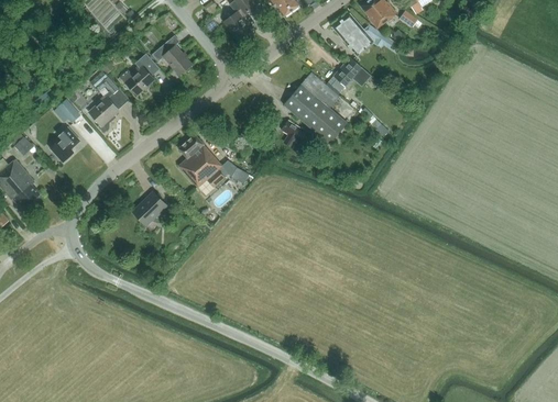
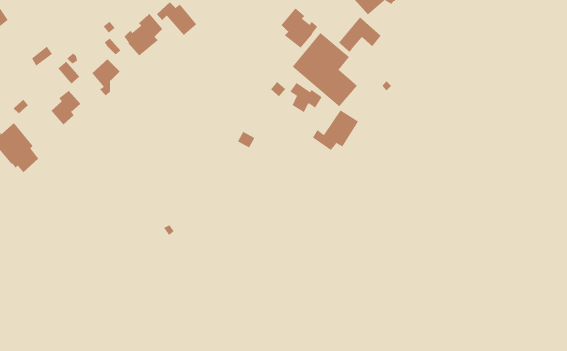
building: none -> [281,7,318,48]
building: [178,134,225,188] -> none
building: none -> [312,110,359,151]
building: [133,192,166,226] -> none

